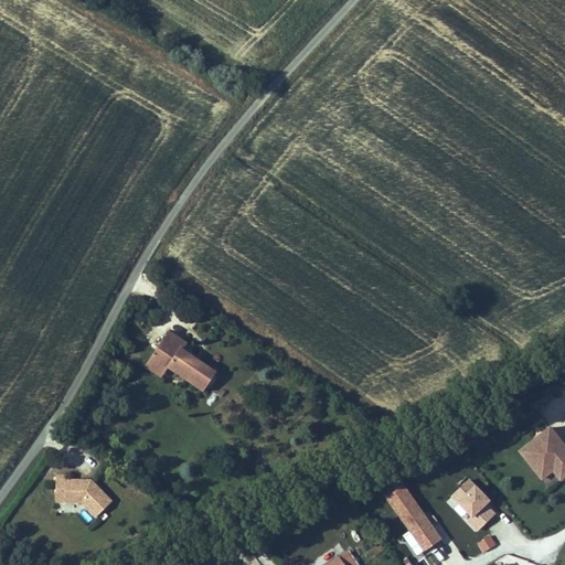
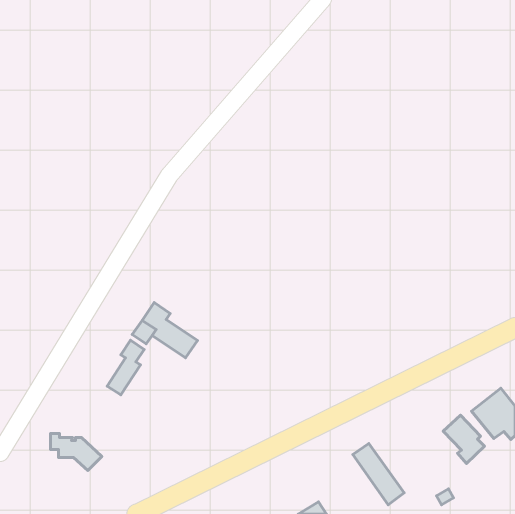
building: none -> [107,340,144,395]
building: [451,479,497,532] -> [443,415,485,463]

